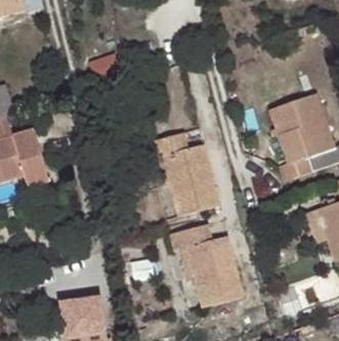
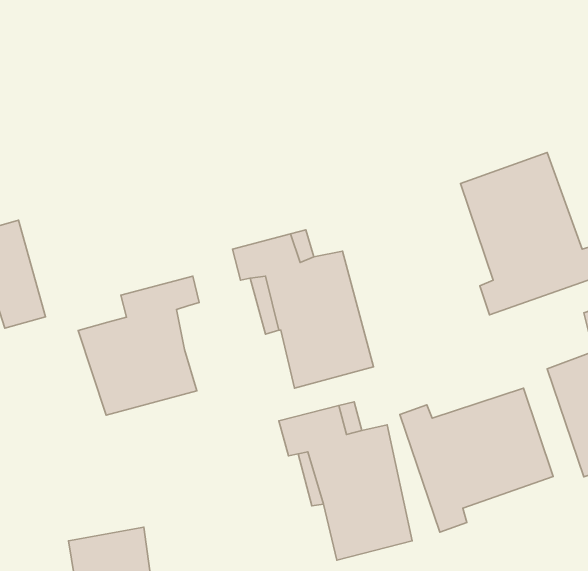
building: none -> [78,276,199,415]
building: none -> [400,388,553,532]

